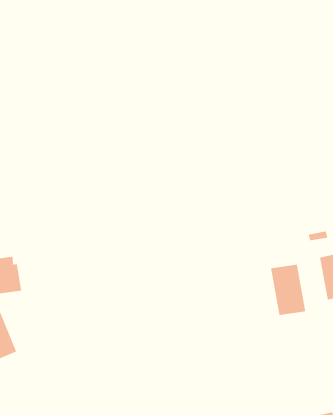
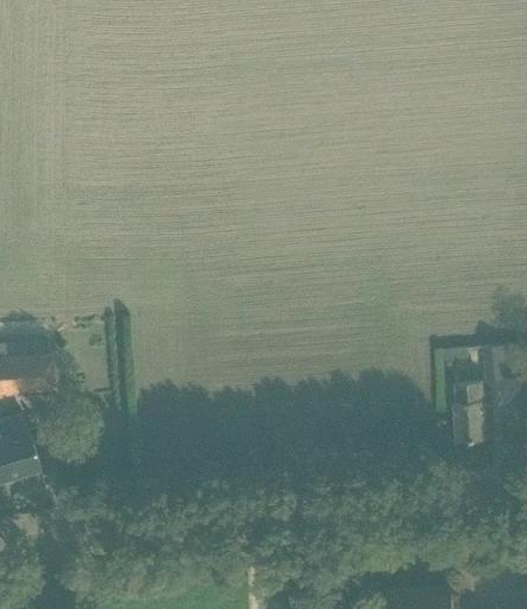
building: [270,264,306,316] -> none

